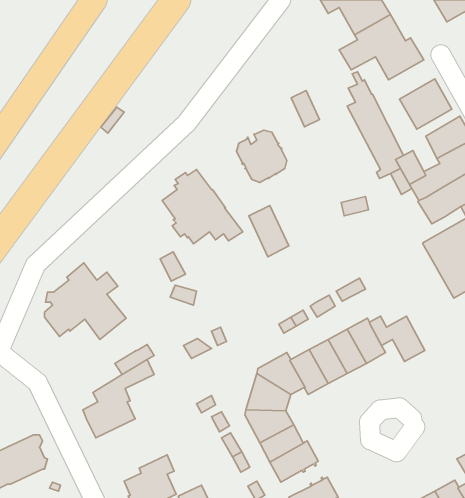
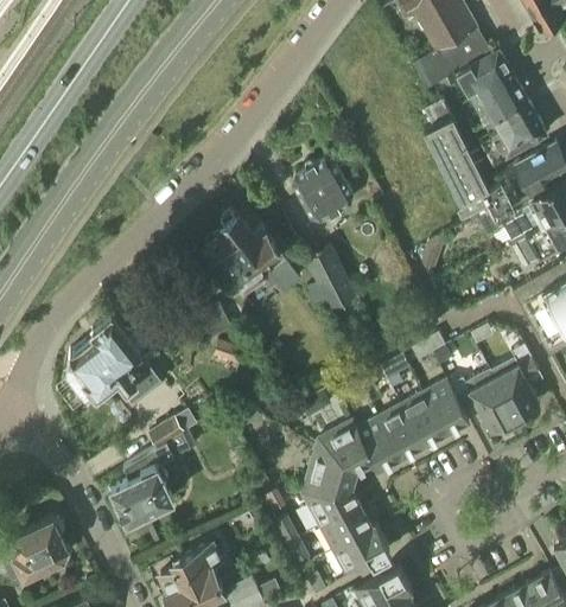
building: none -> [472,76,527,122]
building: [291,90,319,127] -> none
building: none -> [494,345,540,418]

